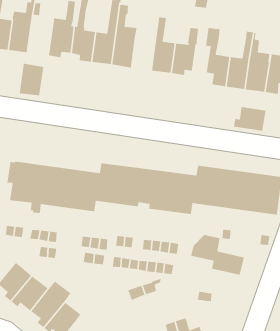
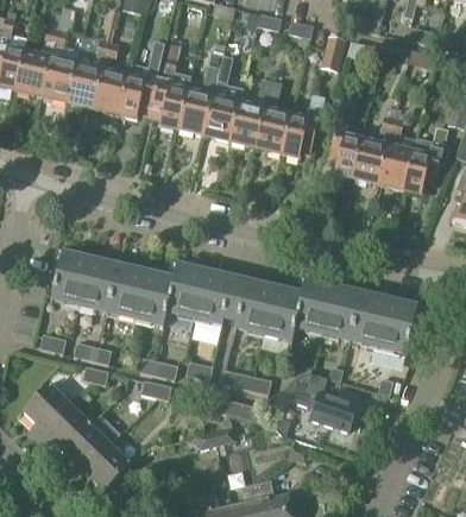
building: none -> [229,74,272,146]
building: [19,63,44,96] -> [93,67,130,113]
building: [233,106,266,131] -> none

